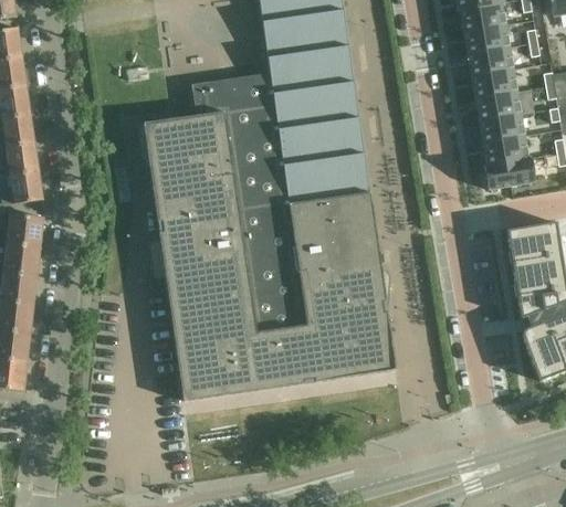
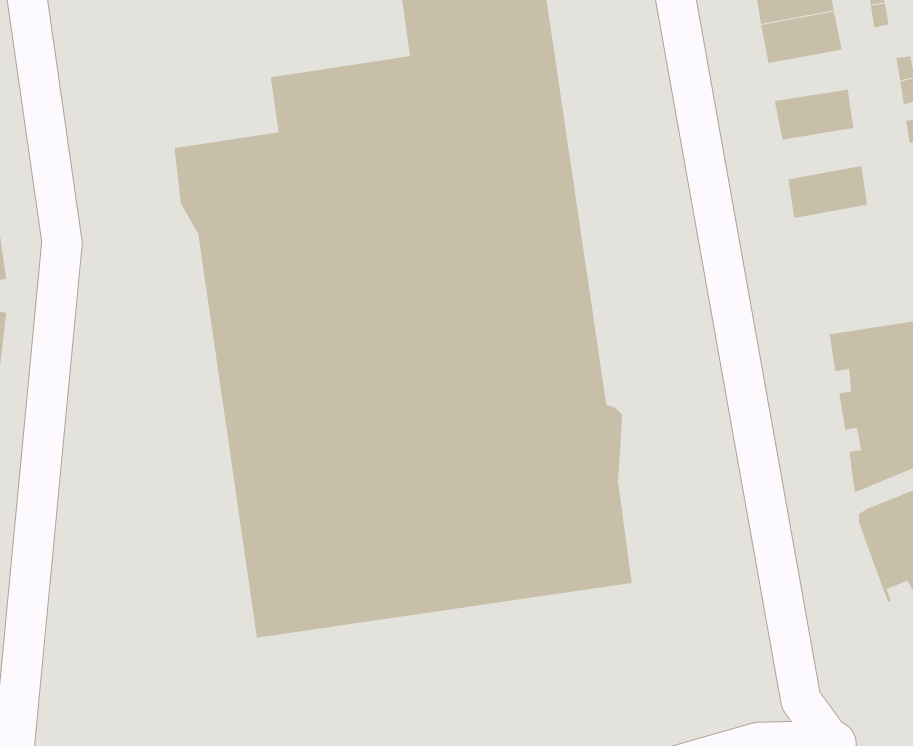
building: [471,68,516,97] -> none
building: [479,113,524,141] -> none
building: [483,156,534,189] -> none

